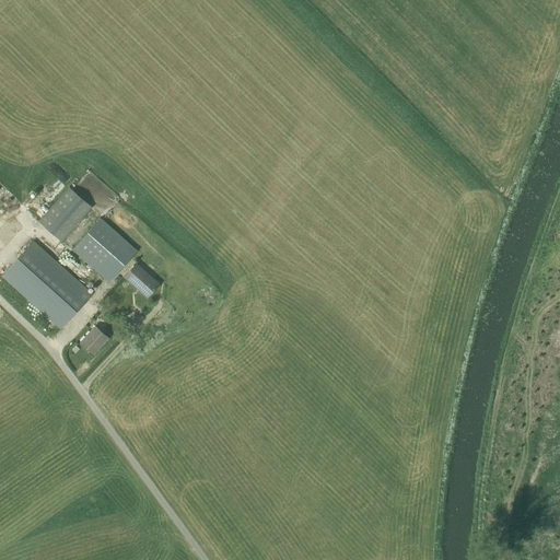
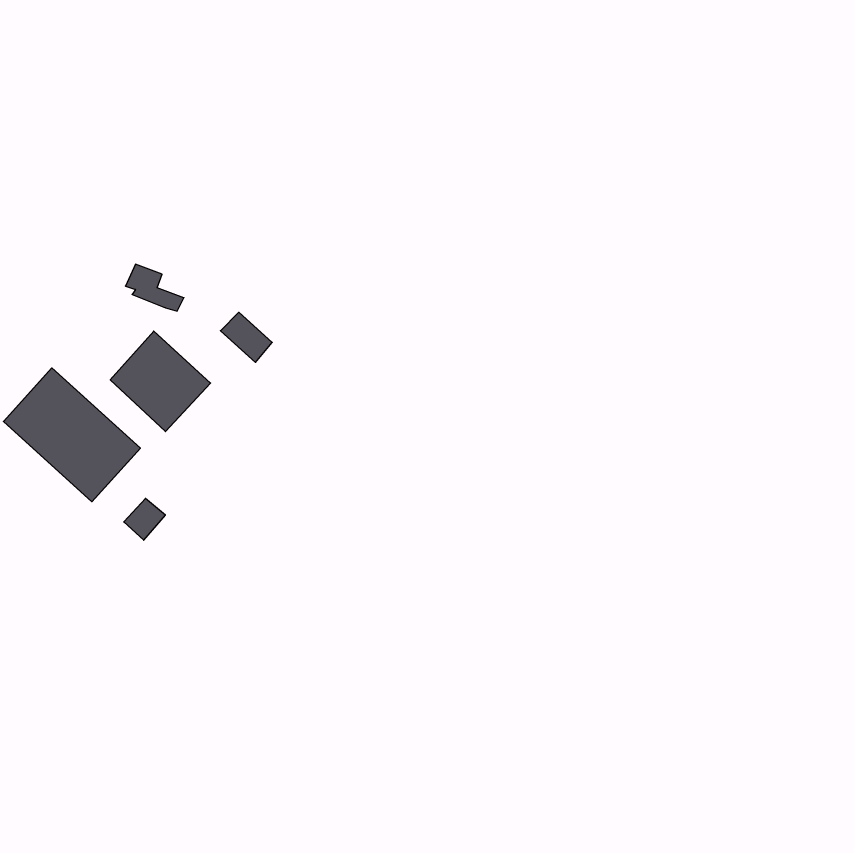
building: [38,186,92,241] -> none
building: [125,264,159,296] -> [220,312,272,362]

